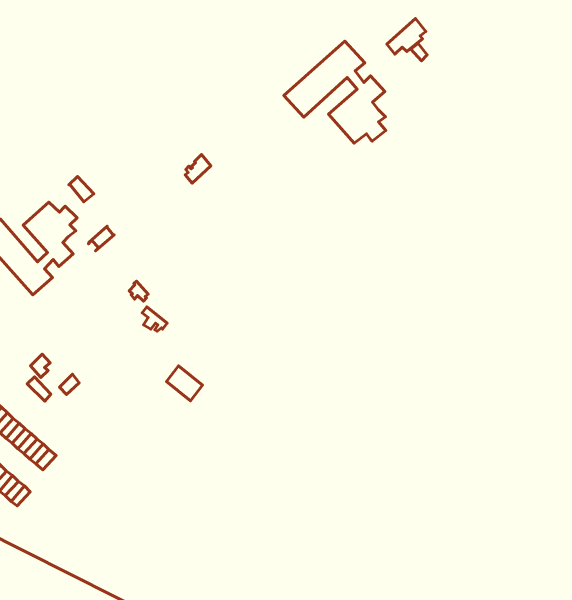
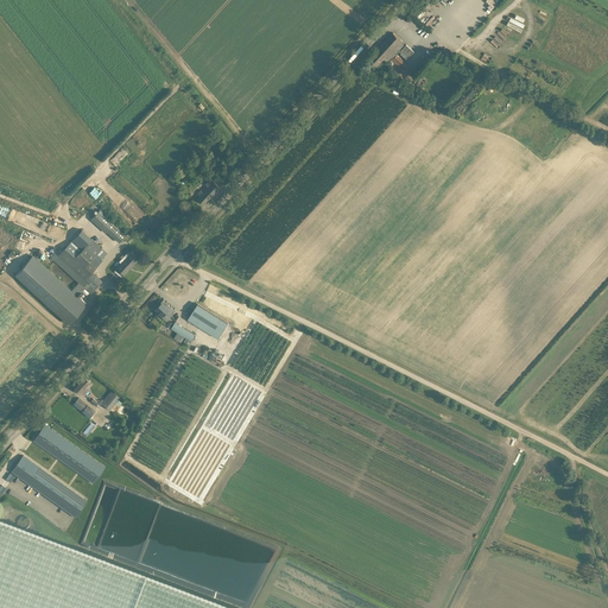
building: [284,41,386,143] -> none
building: [166,366,202,401] -> [186,305,220,336]

